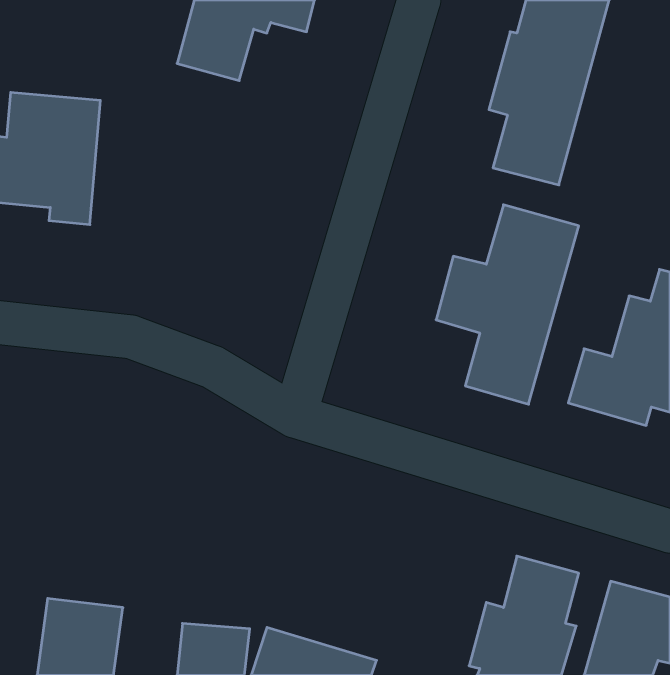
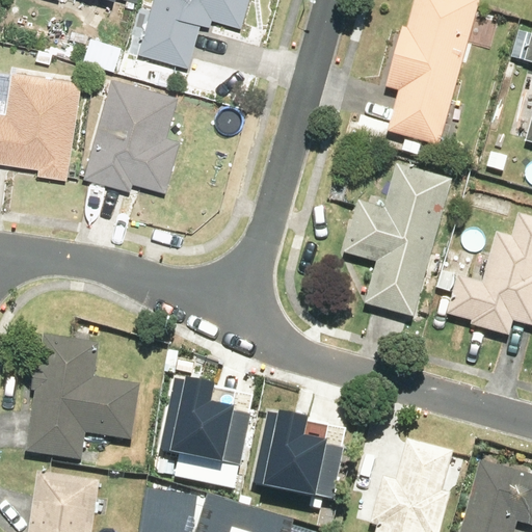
building: none -> [83,75,180,190]
building: none -> [28,334,139,458]
building: none -> [153,374,244,466]
building: none -> [246,414,343,505]

